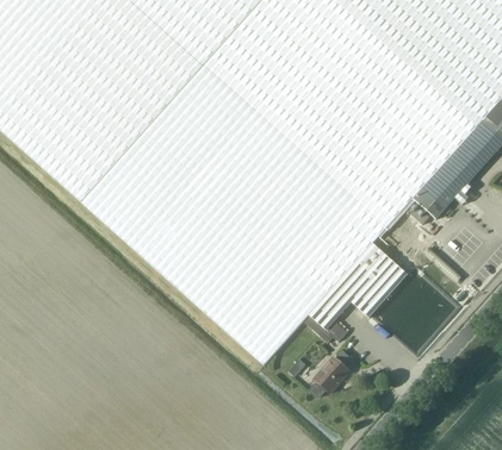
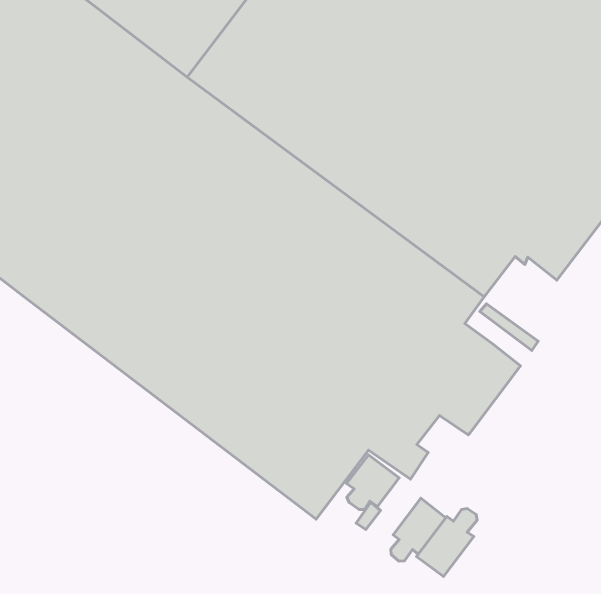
building: none -> [347,455,399,510]
building: none -> [417,508,477,576]

